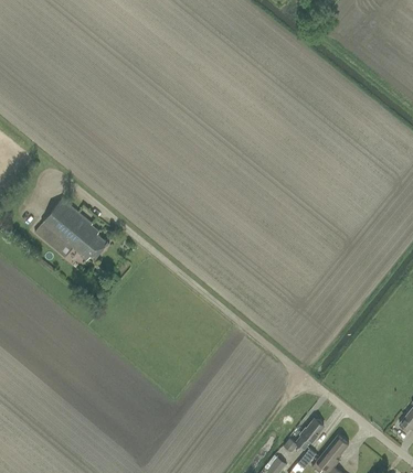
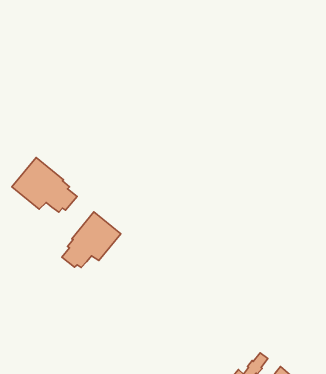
building: none -> [62,212,121,267]

